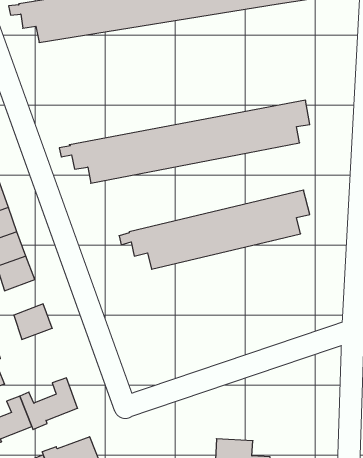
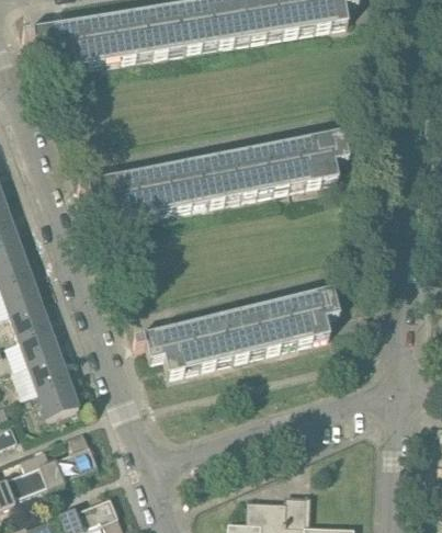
building: [119,190,310,269] -> [133,288,339,374]
building: none -> [18,327,59,365]
building: none -> [36,379,79,418]

